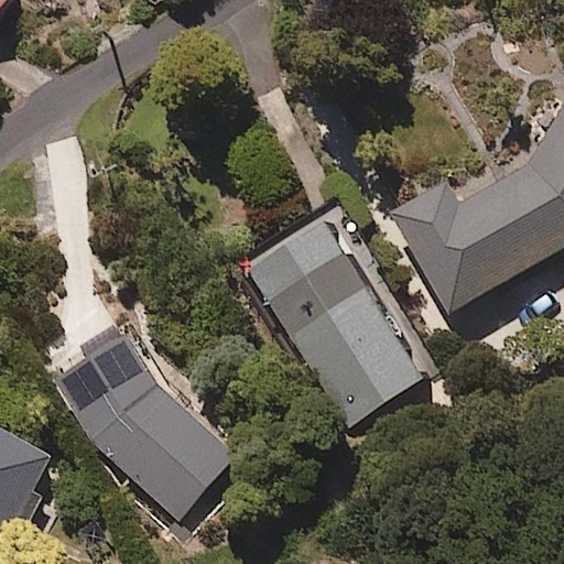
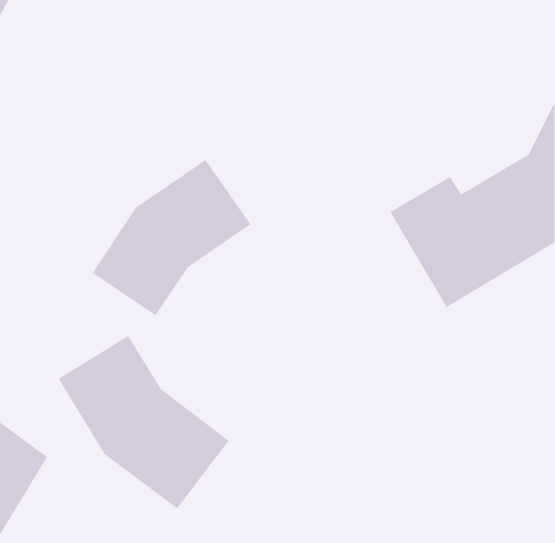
building: none -> [92,159,251,316]
building: [249,223,421,420] -> none

